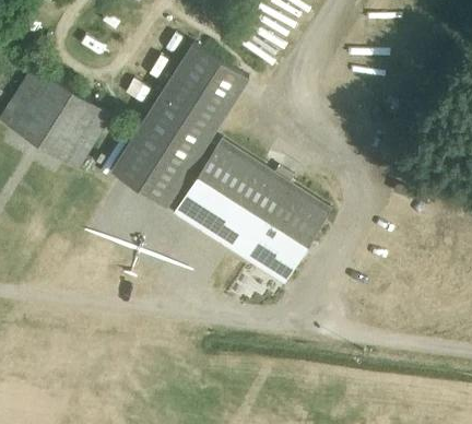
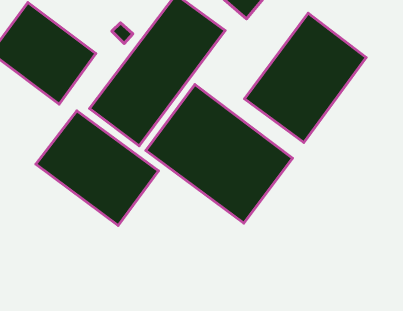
building: none -> [245,13,366,143]
building: none -> [36,111,159,225]

